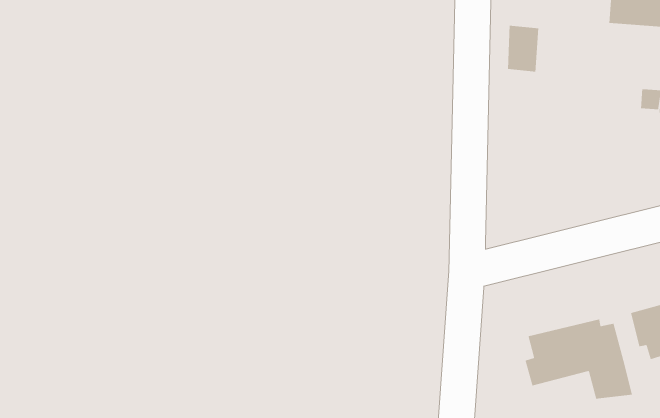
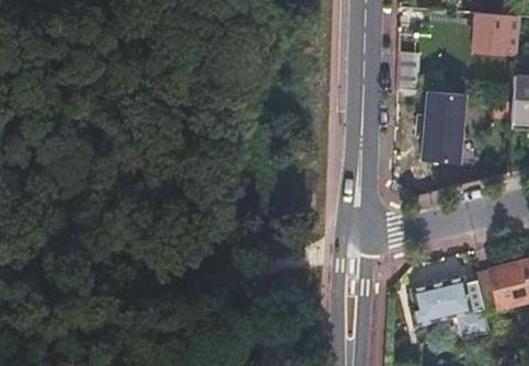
building: none -> [416,91,464,163]

